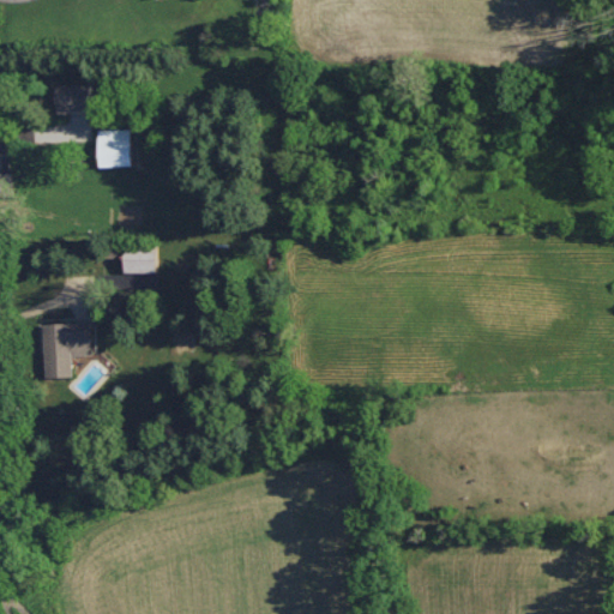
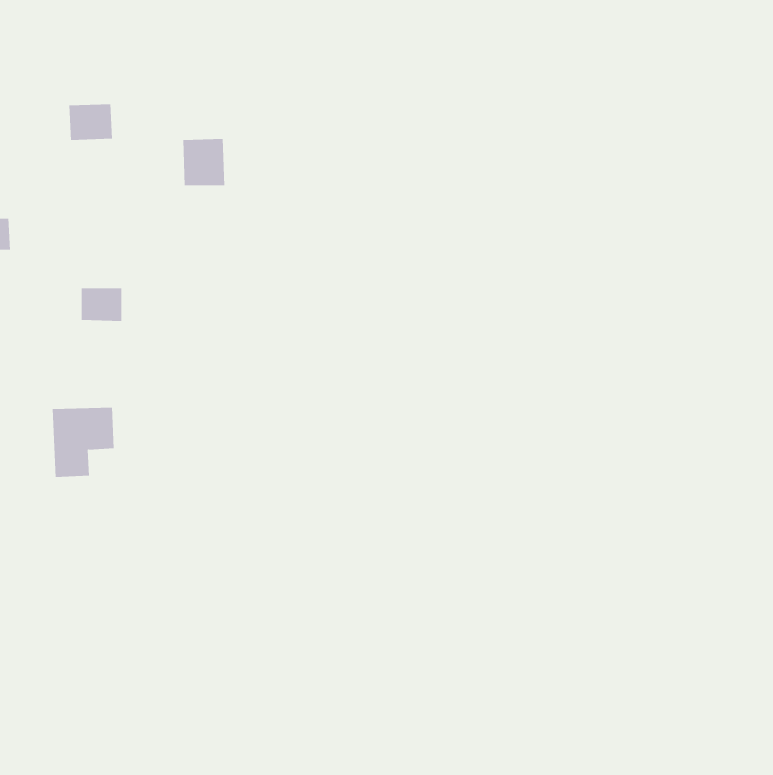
building: [96,131,130,168] -> [182,138,225,186]
building: [122,248,155,275] -> [81,288,122,322]

